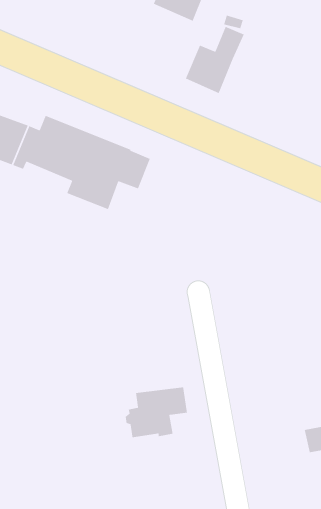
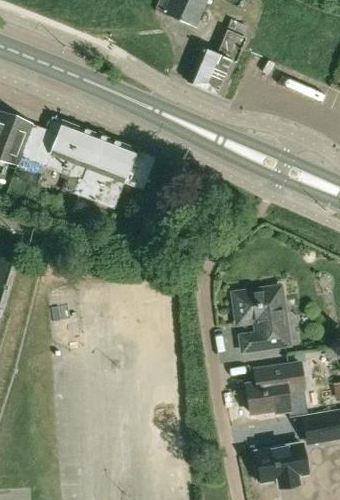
building: none -> [233,287,290,352]
building: [125,386,188,438] -> [244,364,305,414]
building: none -> [255,445,309,488]

